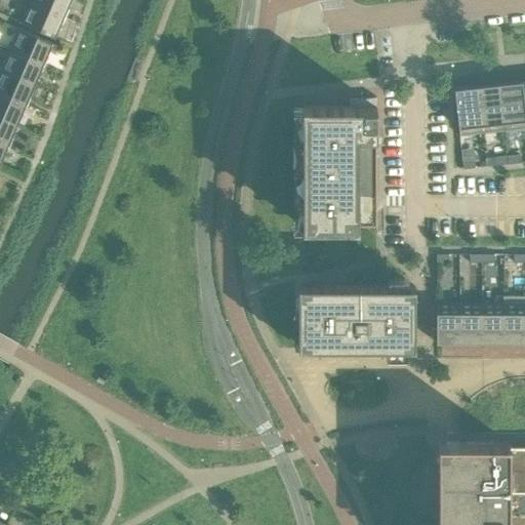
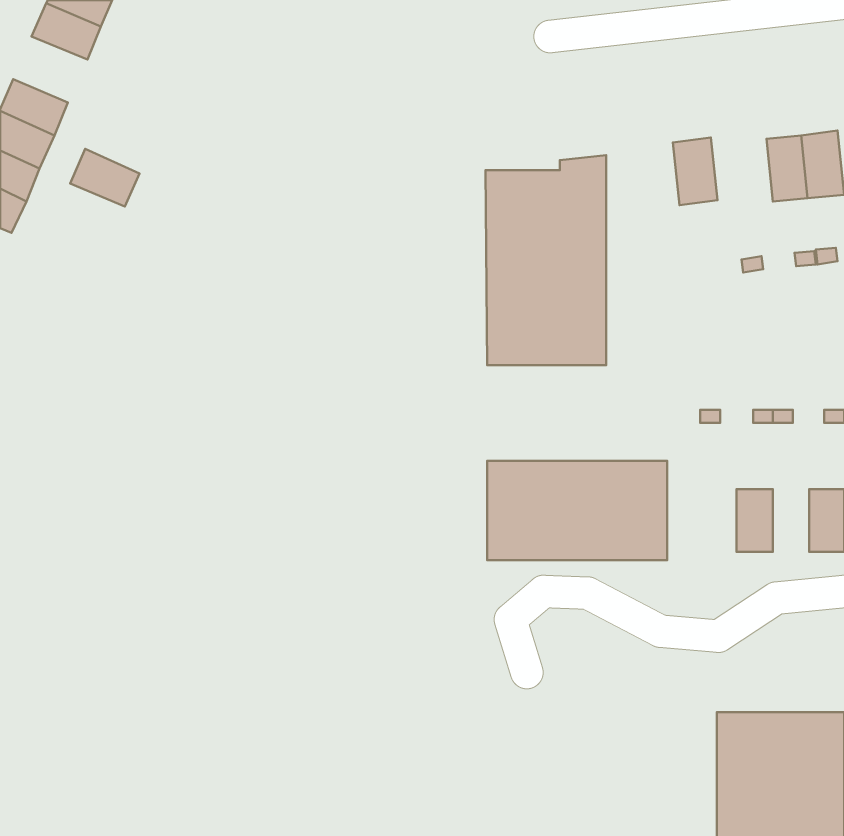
building: [8,33,51,69] -> [70,149,140,207]
building: [452,91,480,133] -> [673,137,717,205]
building: [435,309,457,348] -> none
building: [480,309,502,348] -> none

